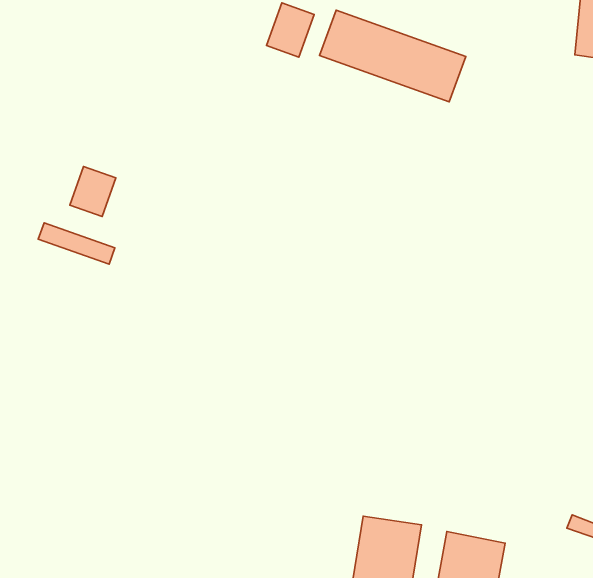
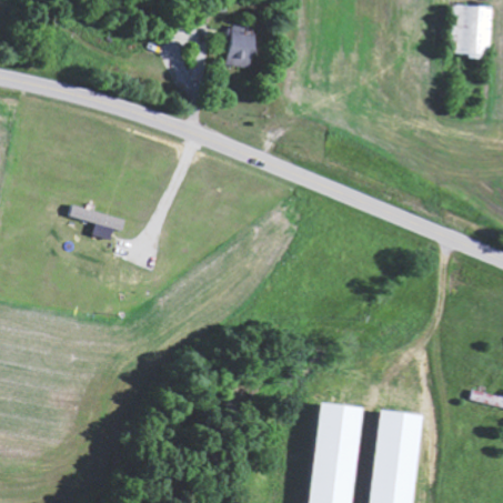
building: [319,10,466,102] -> none
building: [70,167,116,216] -> none

